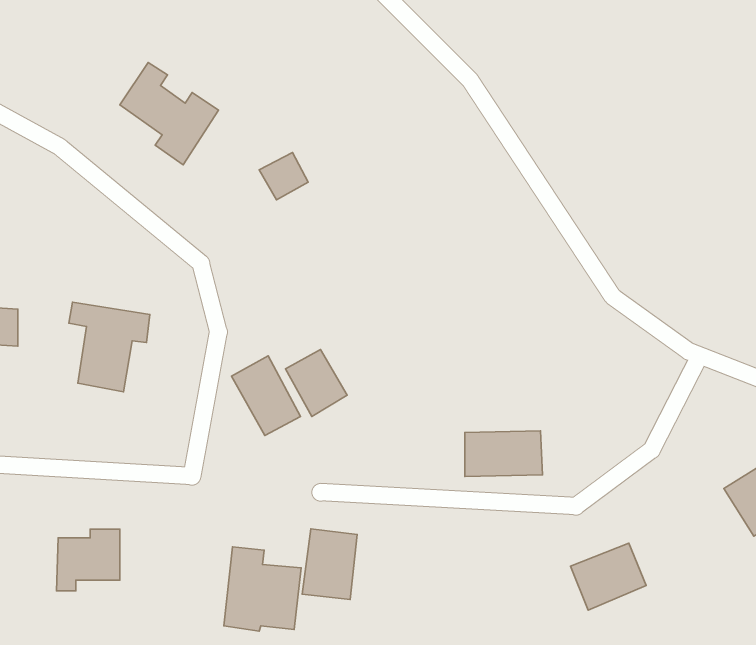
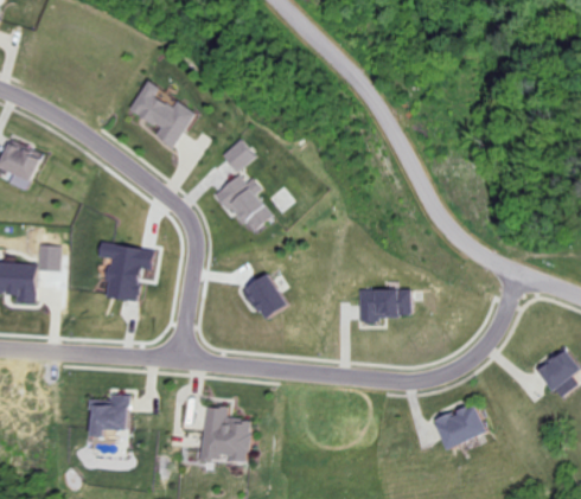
building: none -> [221,177,272,233]
building: [232,356,301,436] -> none
building: [465,431,542,477] -> [359,289,411,320]
building: [302,529,357,600] -> none

